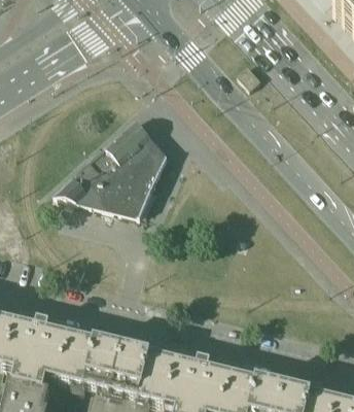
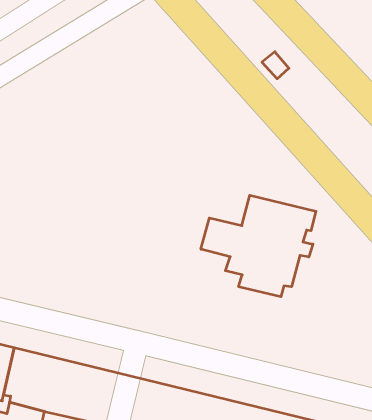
building: [56,113,170,209] -> none
building: none -> [201,195,316,297]

